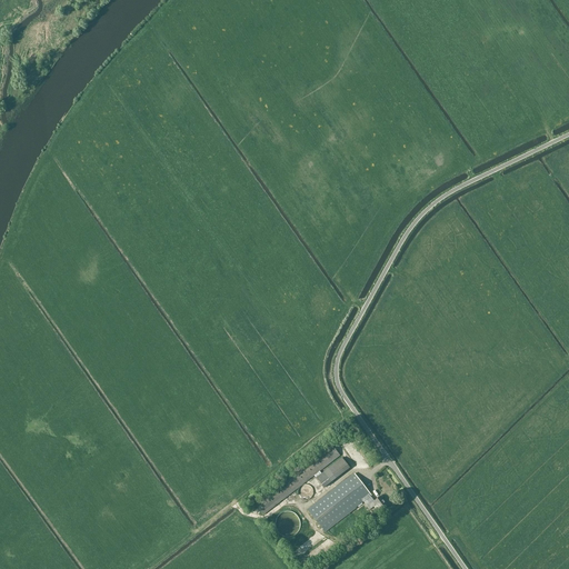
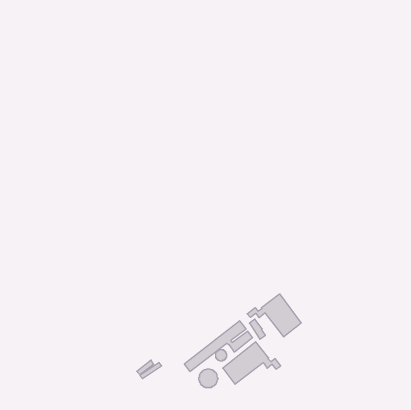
building: none -> [247,294,301,337]

